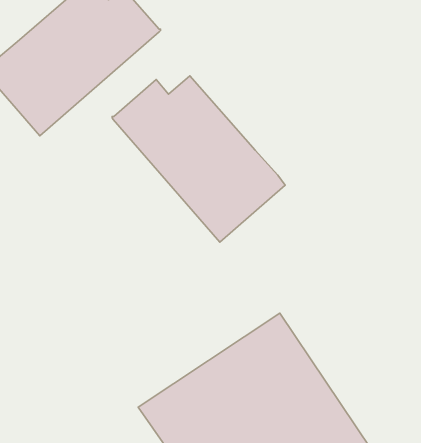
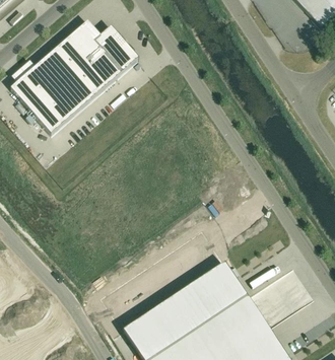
building: [112,76,285,242] -> none

